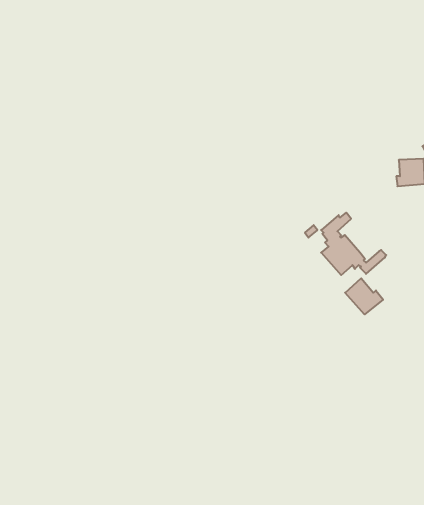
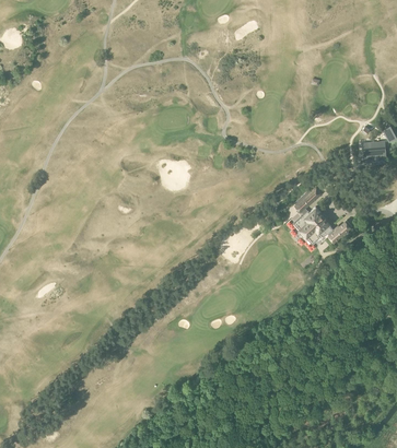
building: [345,278,383,314] -> none

